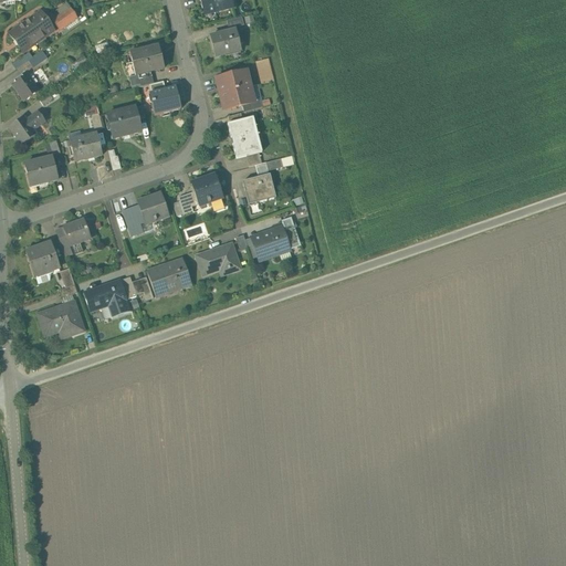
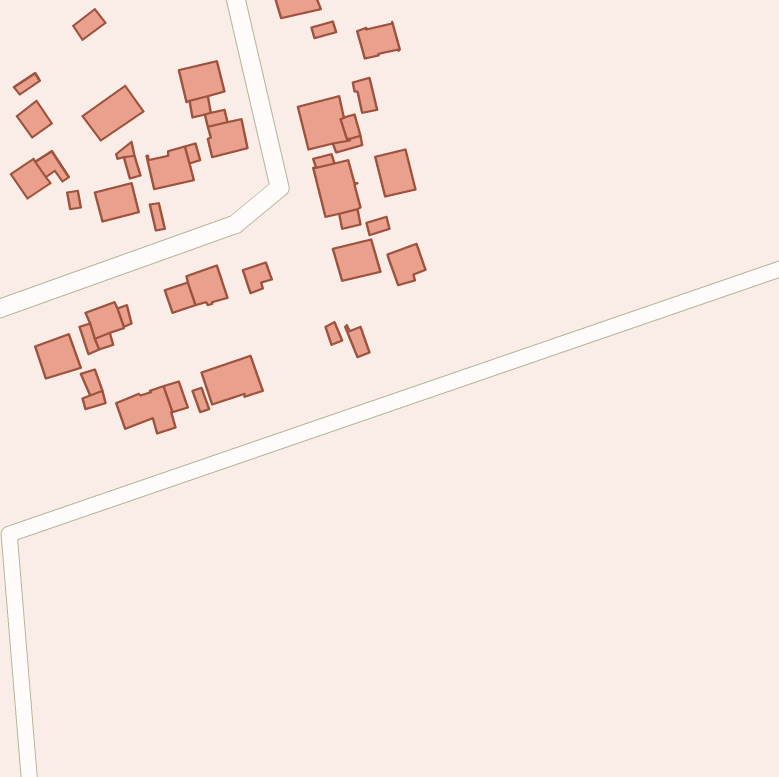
building: [10,10,54,50] -> [82,86,144,141]
building: [210,29,241,55] -> [357,22,400,59]
building: none -> [375,149,416,197]
building: [24,156,57,185] -> none
building: [190,174,222,203] -> none
building: [261,226,289,255] -> [387,244,426,285]
building: [197,243,240,274] -> none
building: [39,301,84,334] -> none

